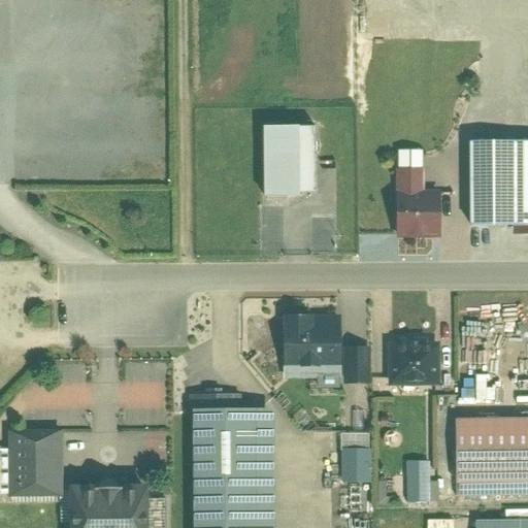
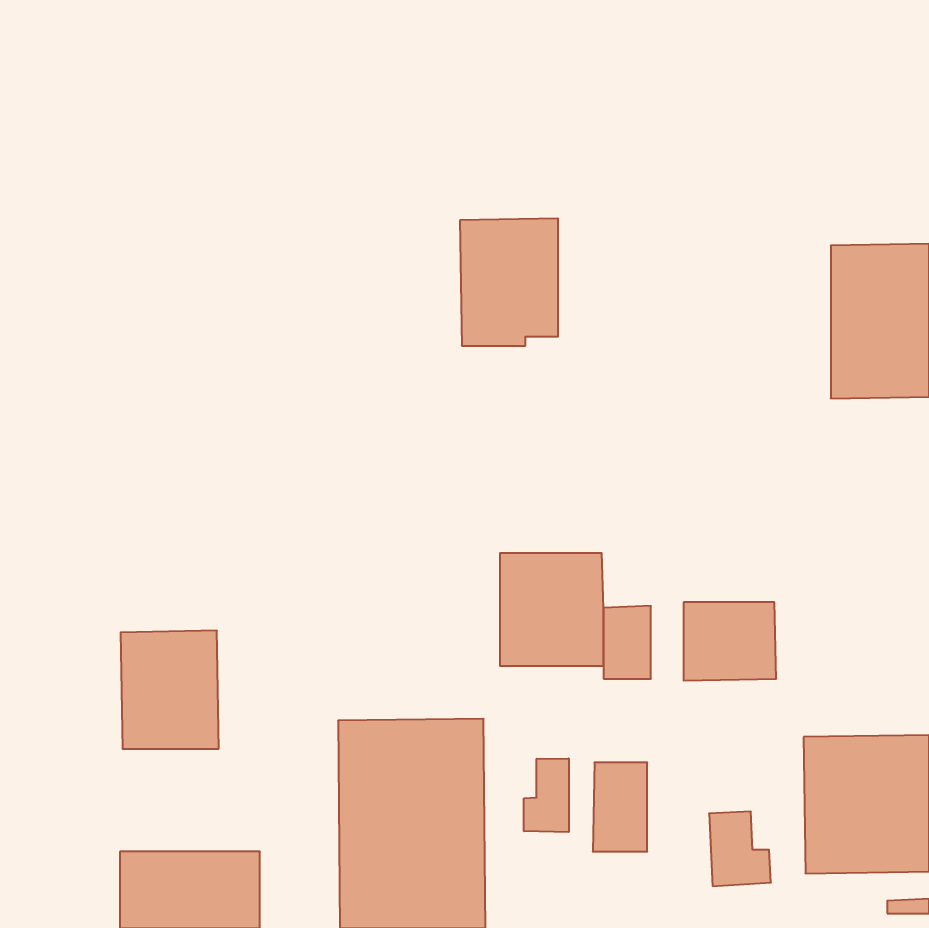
building: [397,168,439,236] -> none
building: [8,429,64,496] -> [121,631,219,749]
building: none -> [524,758,569,832]

